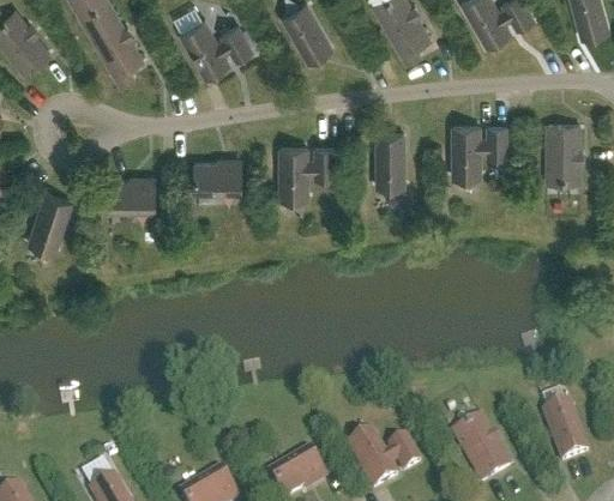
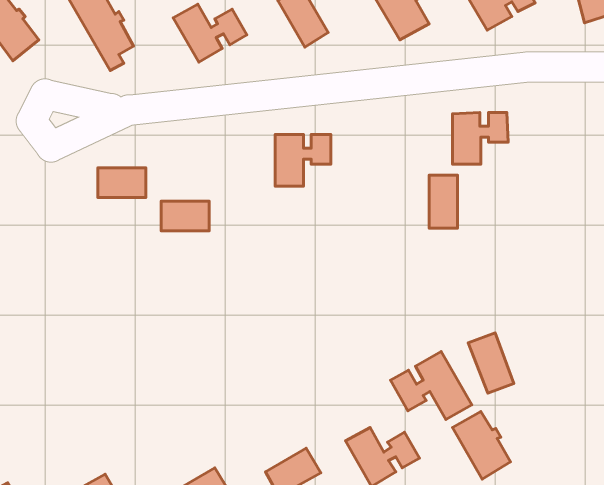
building: [547,125,583,182] -> none
building: [377,134,404,186] -> [429,175,458,228]
building: [194,162,241,191] -> [161,201,209,231]
building: [29,193,72,252] -> none
building: none -> [391,351,472,420]
building: [543,404,588,463] -> [468,333,514,393]

